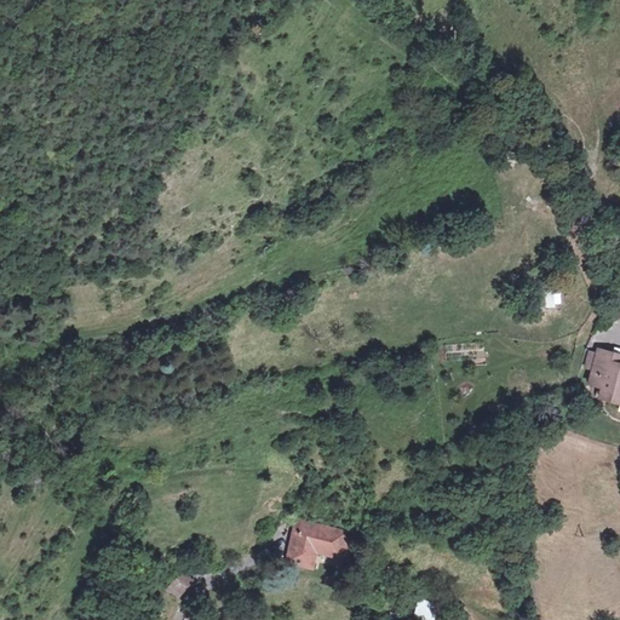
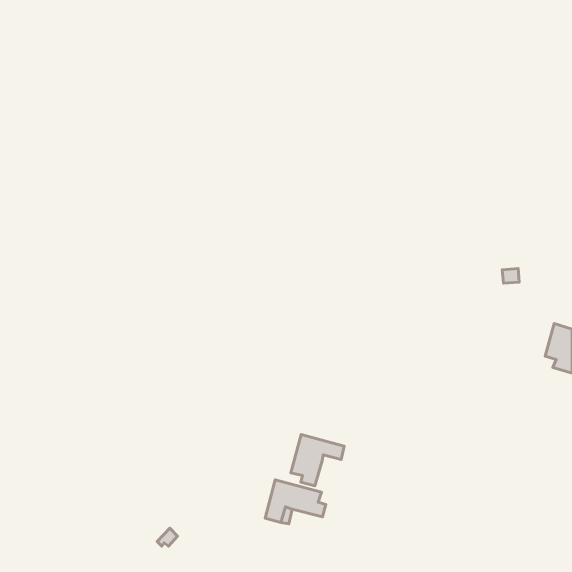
building: none -> [291,435,344,486]

